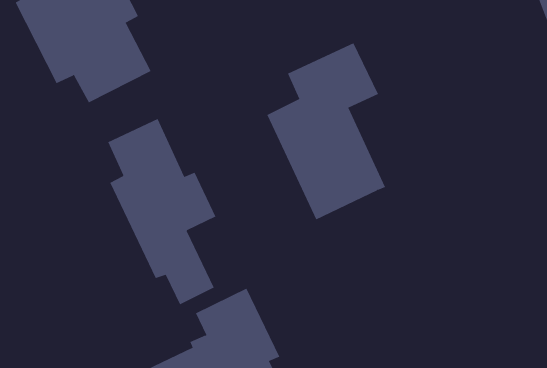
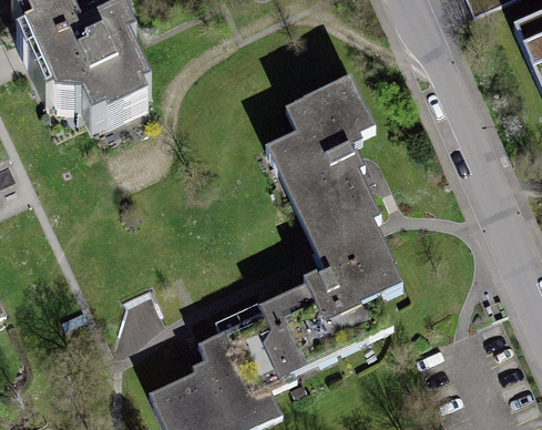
building: [108,118,216,305] -> none
building: none -> [246,218,402,379]

